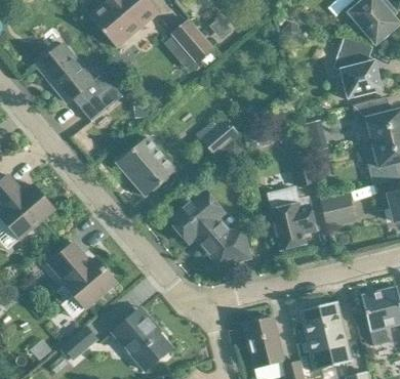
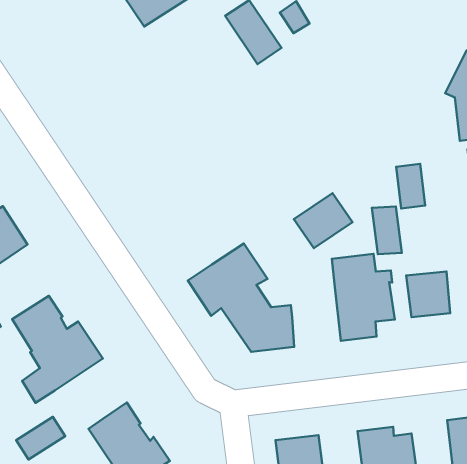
building: [38,43,123,121] -> none
building: [198,114,239,154] -> [294,193,352,248]
building: [117,136,176,196] -> none

